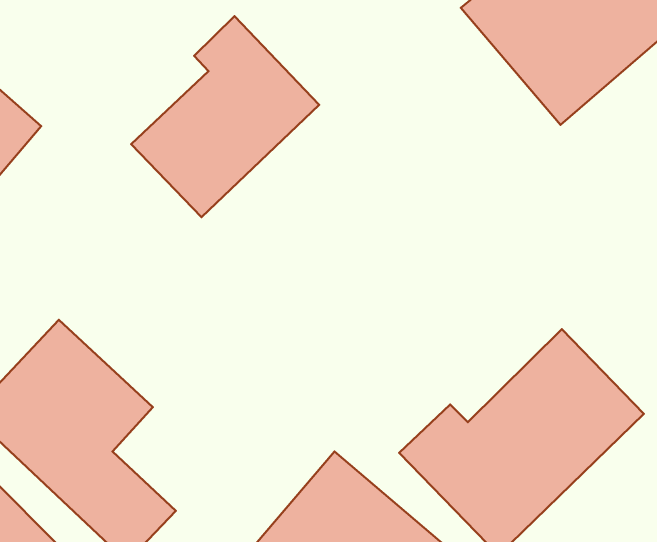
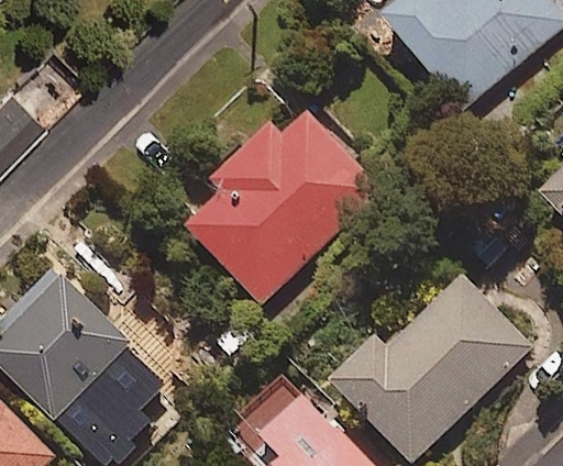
building: [131,16,319,217] -> none
building: none -> [188,110,382,302]

